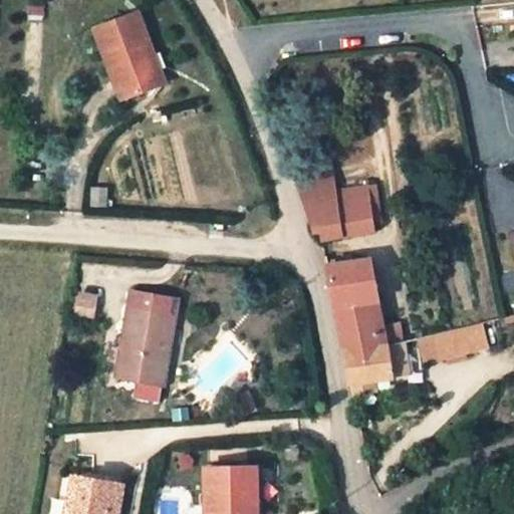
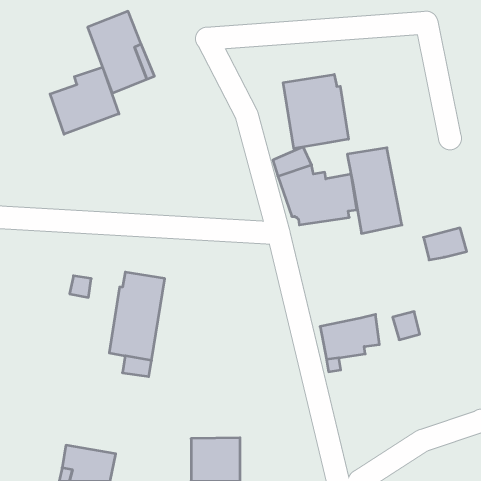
building: none -> [50,67,119,134]
building: none -> [283,74,348,148]
building: [326,257,384,348] -> [347,148,402,233]
building: [442,322,488,356] -> [423,228,467,260]

